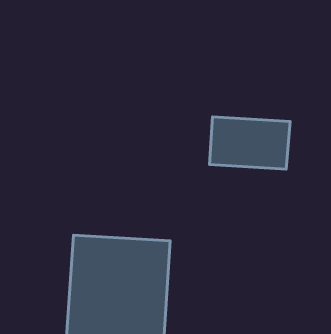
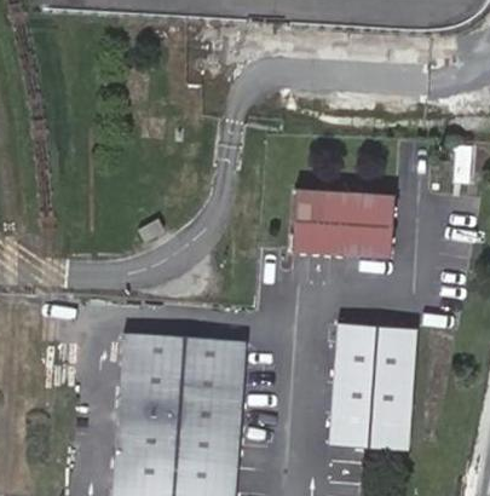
building: none -> [330,323,416,449]

